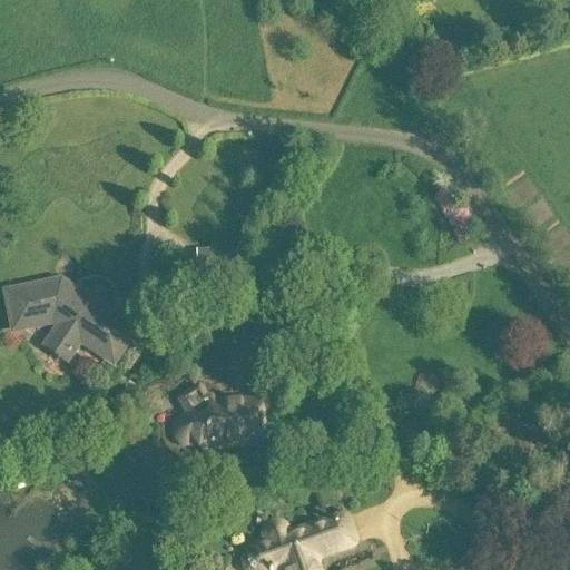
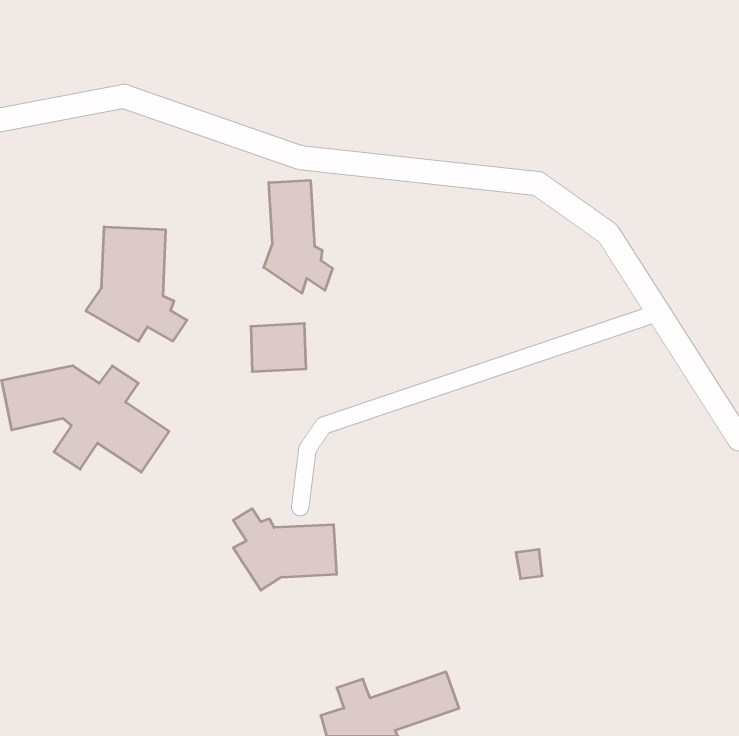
building: none -> [264,180,333,293]
building: none -> [86,227,187,341]

